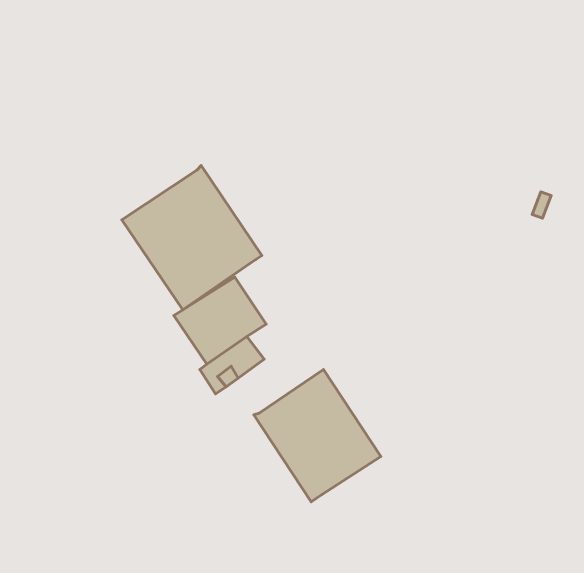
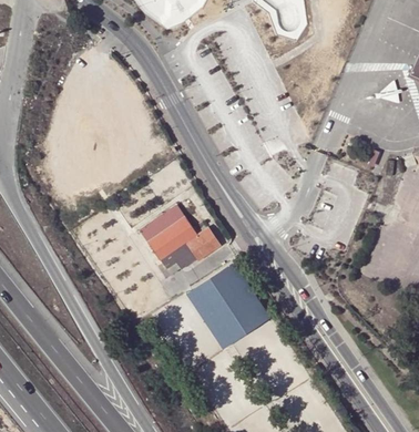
building: [122,165,262,310] -> none
building: none -> [181,225,216,259]

